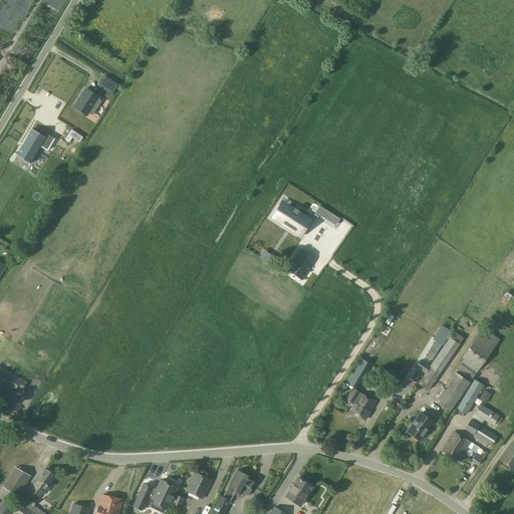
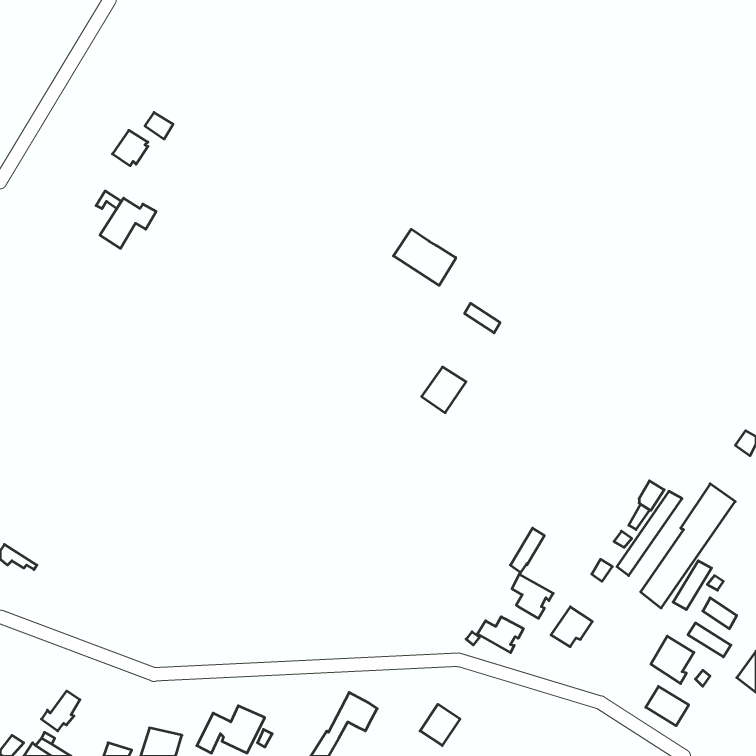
building: [16,130,54,164] -> [100,198,156,248]
building: [270,200,312,238] -> [393,229,456,285]
building: [407,414,435,441] -> [551,607,592,647]
building: none -> [477,617,523,653]
building: none -> [646,686,689,726]
building: [4,467,29,495] -> none
building: [186,473,211,499] -> none

